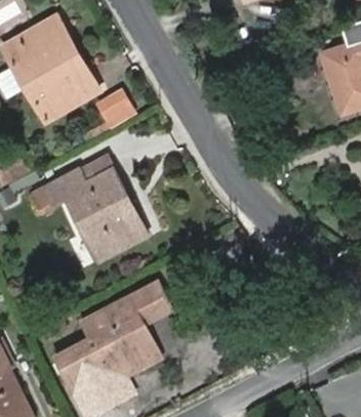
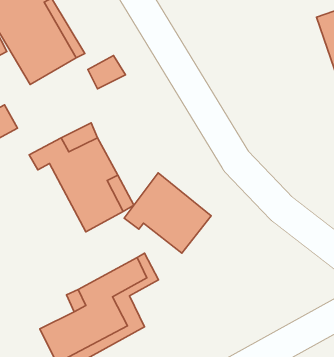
building: none -> [124,173,211,253]

